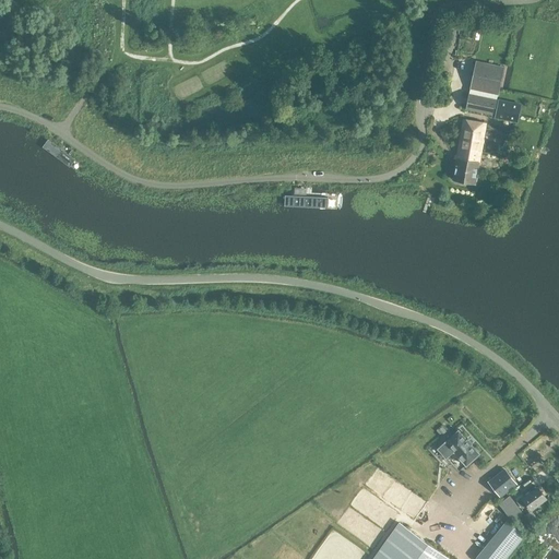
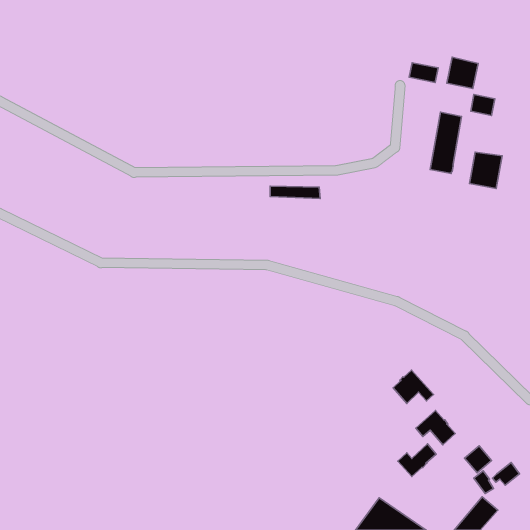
building: [465,93,496,114] -> [409,63,438,83]
building: none -> [469,152,502,188]
building: none -> [393,370,433,403]
building: none -> [398,444,436,477]

